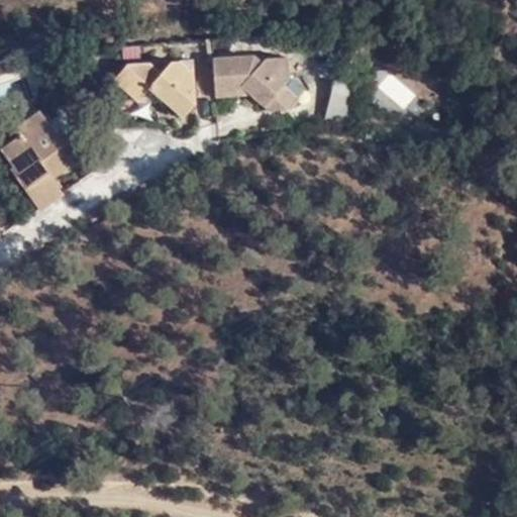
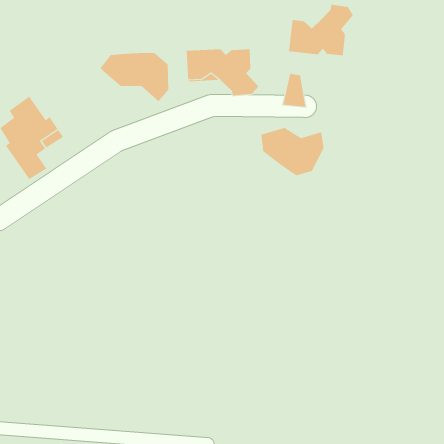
building: none -> [288,4,353,56]
building: none -> [261,127,324,176]

